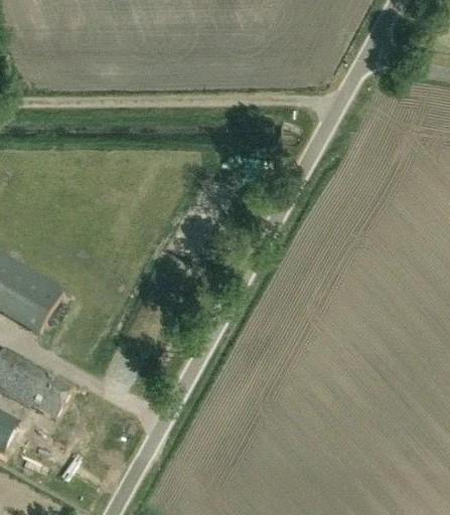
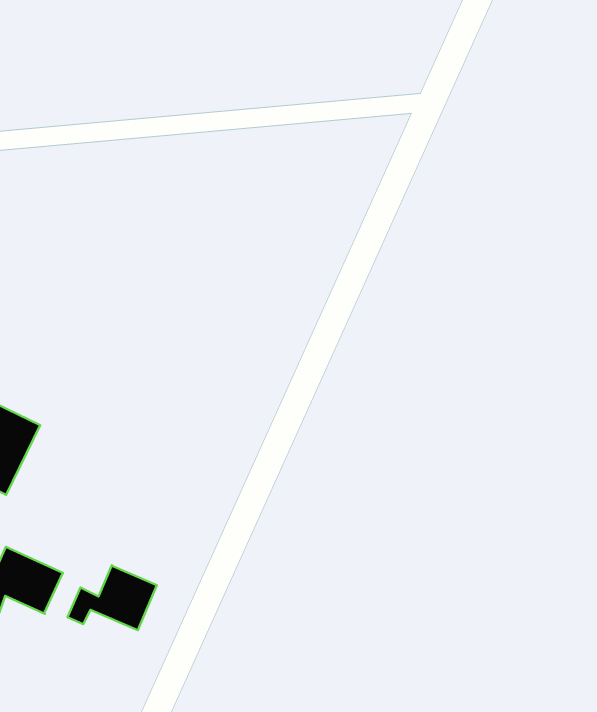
building: none -> [68,565,157,630]

